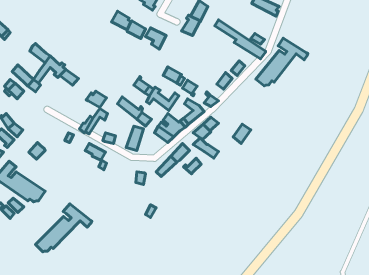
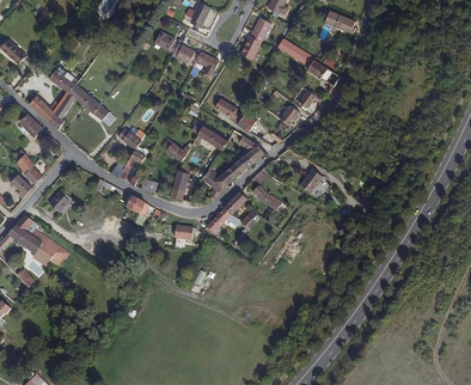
building: [256,38,308,86] -> none
building: [36,204,92,252] -> none

